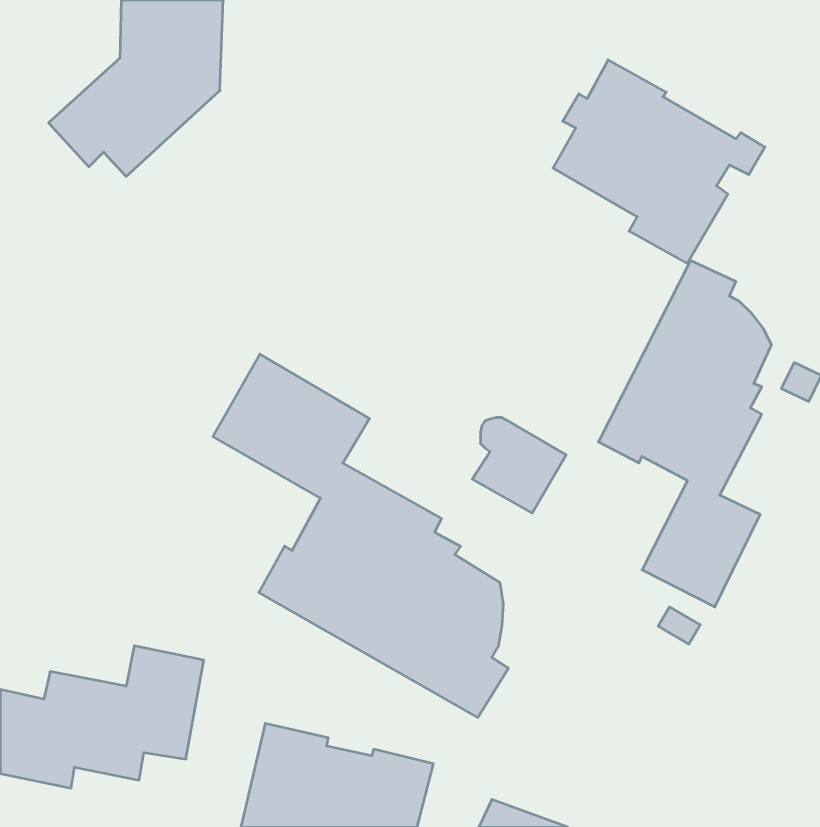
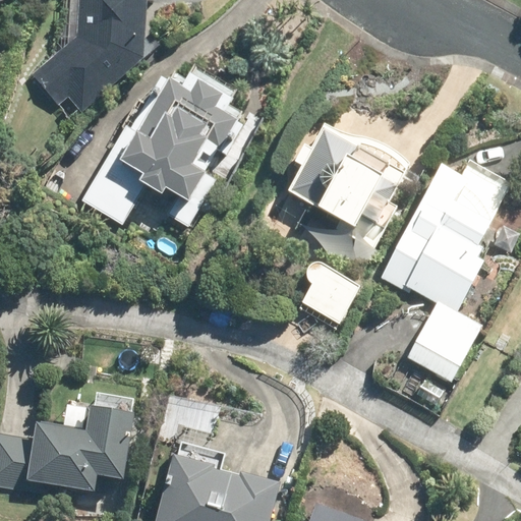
building: [553,60,765,264] -> [286,121,419,249]
building: none -> [82,72,242,227]
building: [213,354,508,717] -> none

